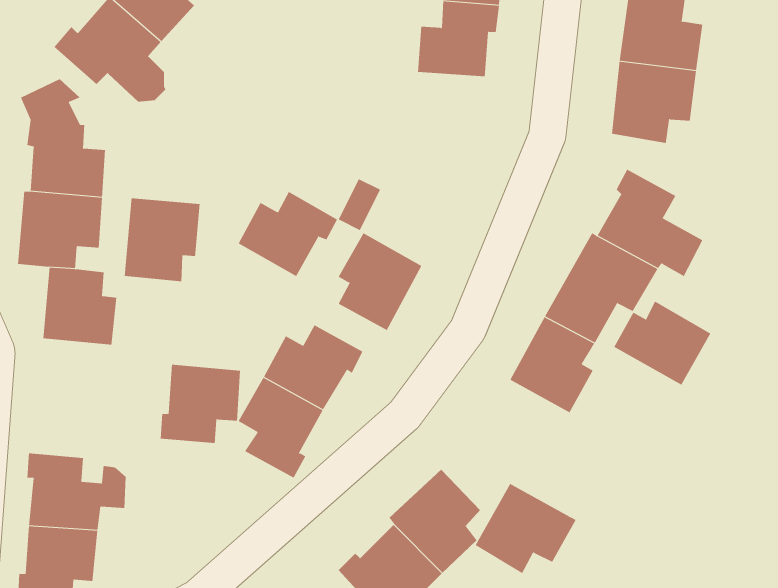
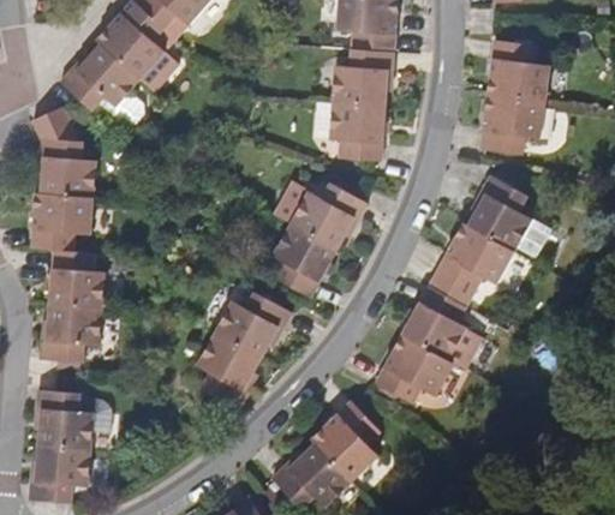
building: none -> [330,101,384,161]
building: [238,191,338,277] -> [292,182,368,247]
building: [124,198,200,282] -> none
building: [613,301,711,386] -> none
building: [160,364,241,443] -> [41,303,102,363]
building: [475,483,576,574] -> [376,334,453,402]

